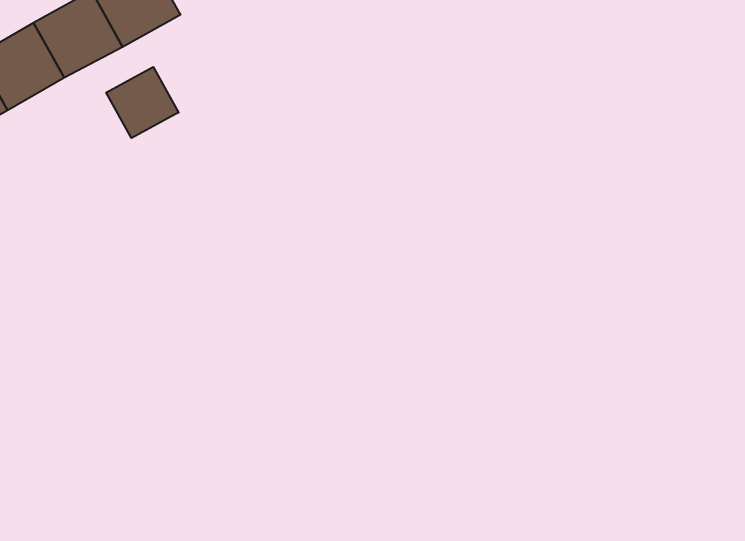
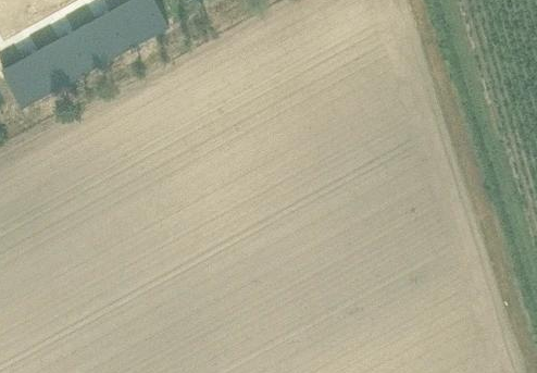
building: [106,67,179,138] -> none

